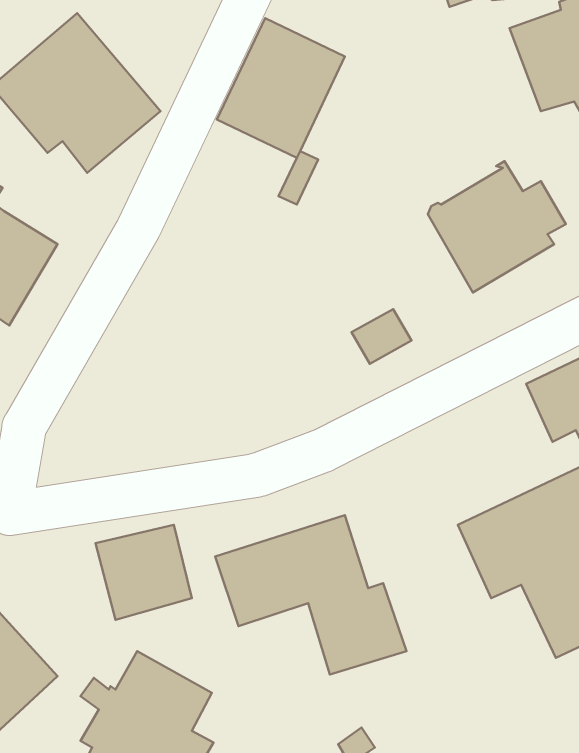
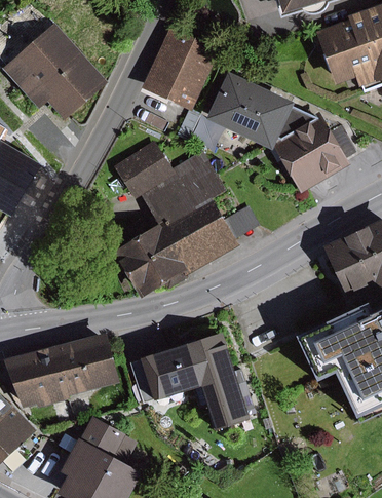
building: none -> [202,70,316,149]
building: none -> [107,140,236,297]
building: none -> [15,348,77,408]

